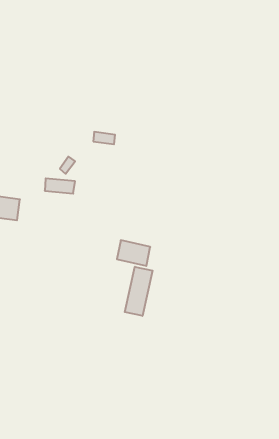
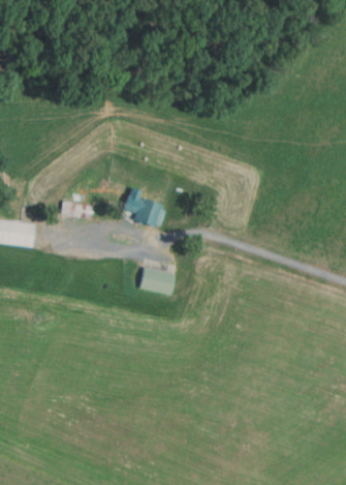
building: none -> [123,186,167,229]
building: [125,267,153,316] -> none

